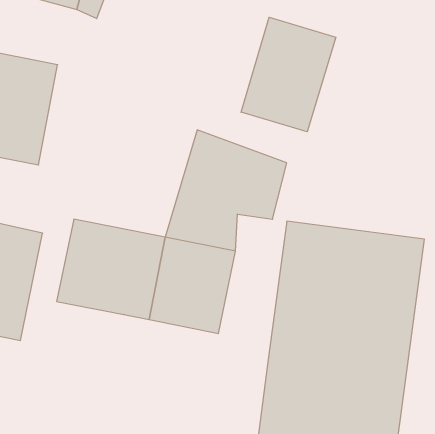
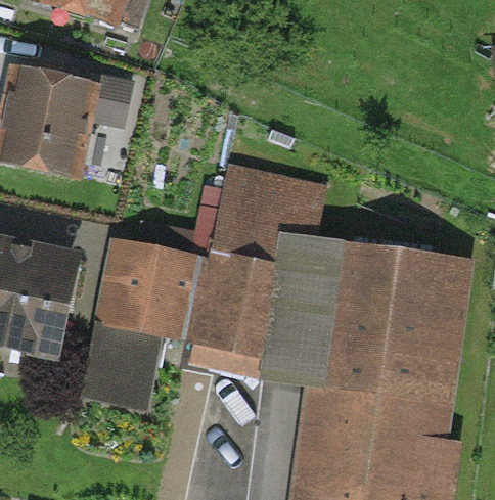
building: [241,17,336,132] -> none
building: none -> [257,233,328,387]
building: none -> [80,322,163,410]

